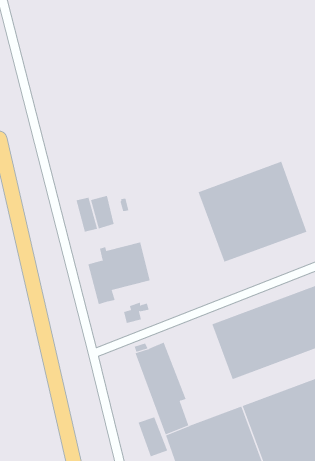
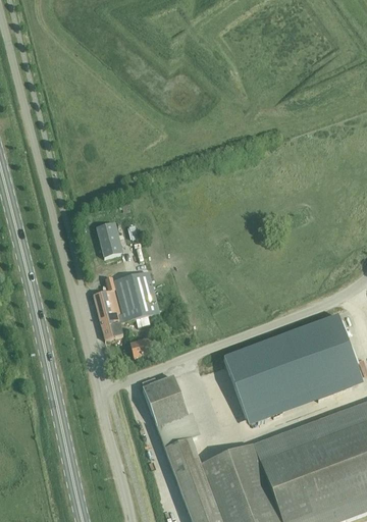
building: [198,161,307,263] -> none
building: [76,197,98,232] -> none
building: [138,417,168,457] -> none

